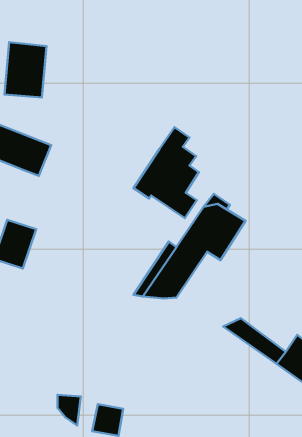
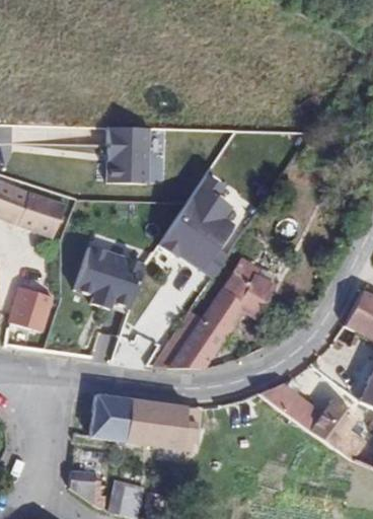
building: [4,42,47,97] -> [105,127,151,187]
building: none -> [78,239,150,305]
building: none -> [89,391,204,450]

